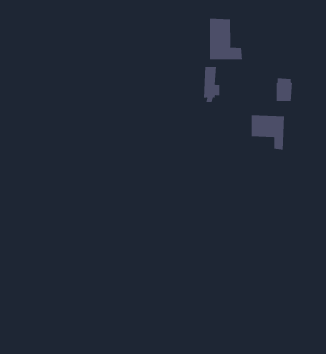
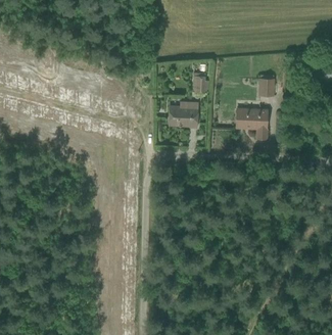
building: [210,18,242,60] -> none
building: none -> [168,101,198,128]

